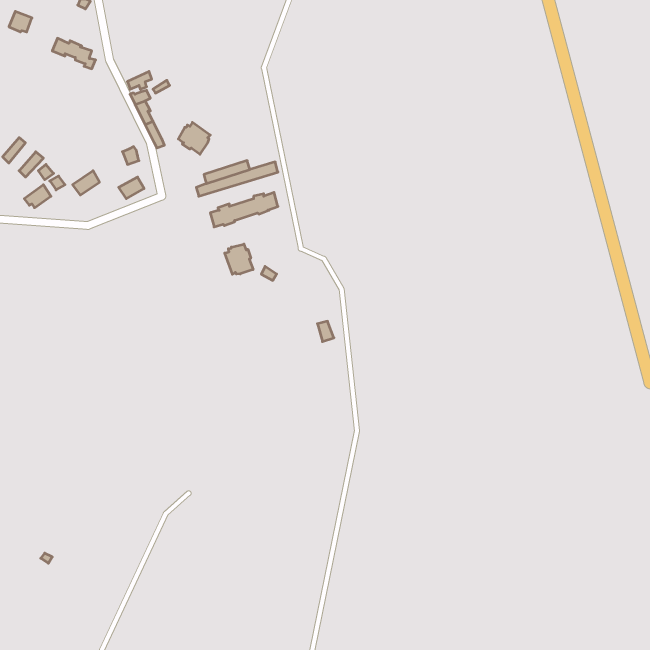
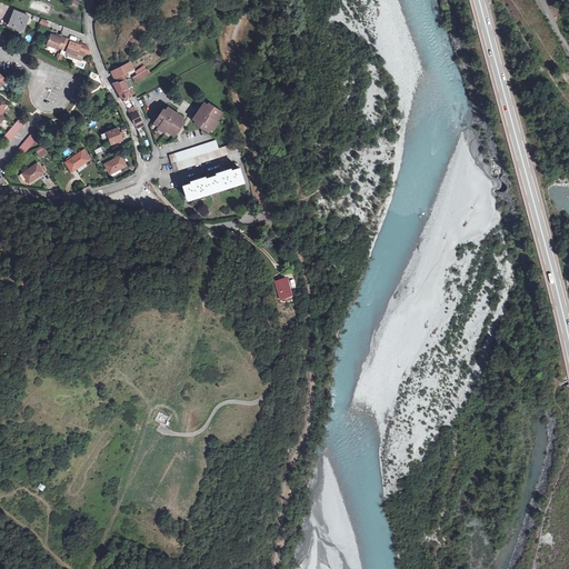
building: none -> [193,103,221,131]
building: [225,244,253,274] -> none

